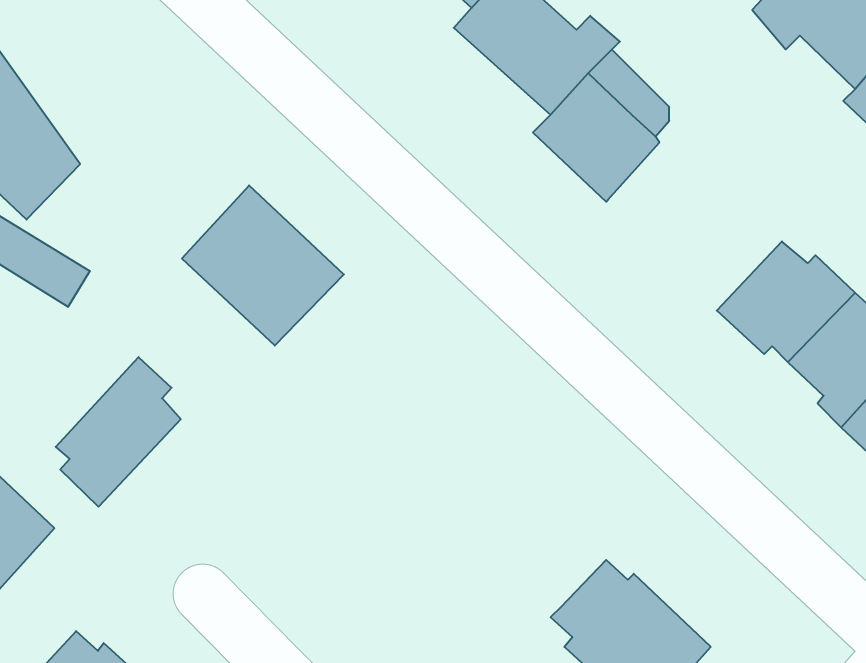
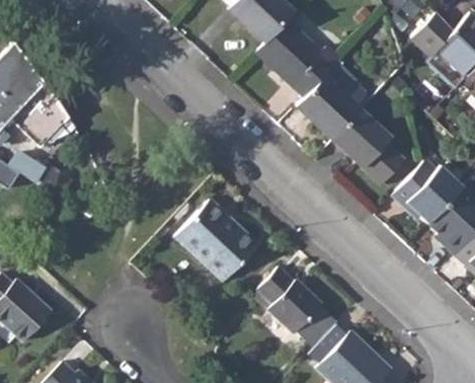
building: none -> [336,110,407,186]
building: [182,185,344,346] -> [174,199,257,281]
building: [56,357,181,507] -> none
building: none -> [258,269,338,349]

